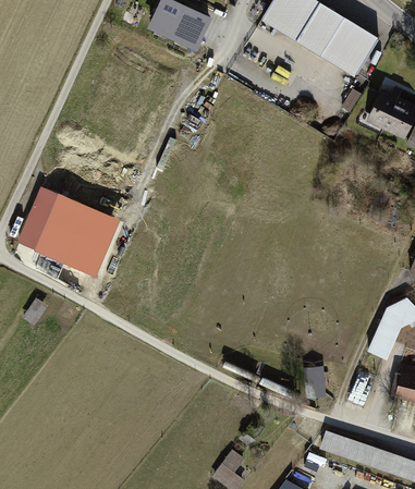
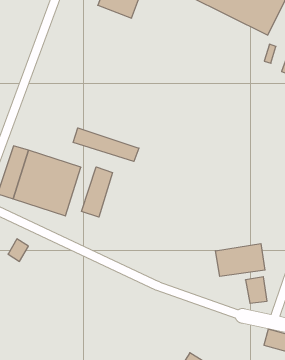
building: none -> [73,128,139,161]
building: none -> [81,167,112,217]
building: none -> [215,244,265,276]

